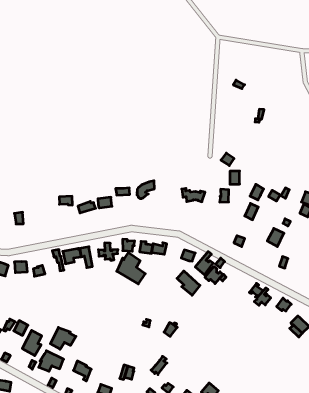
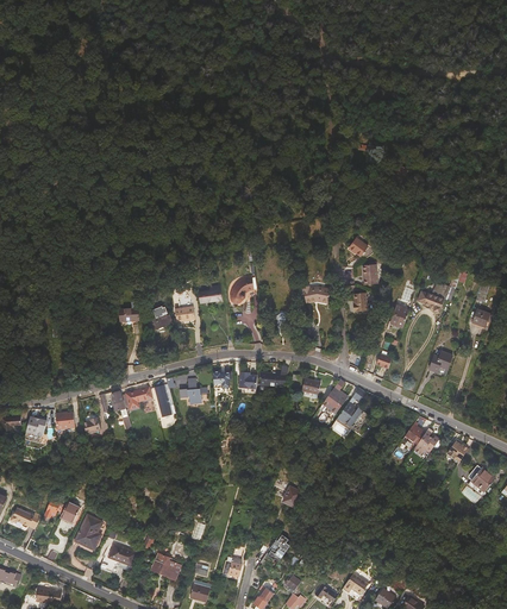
building: [117,252,145,284] -> none
building: [177,271,200,295] -> none
building: [50,327,76,349] -> none

